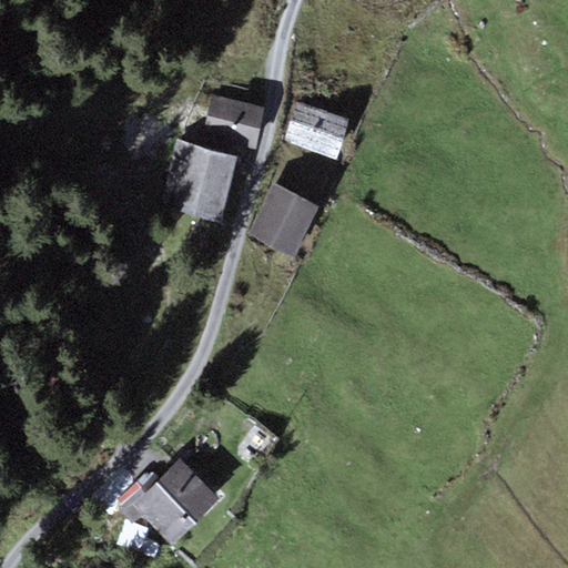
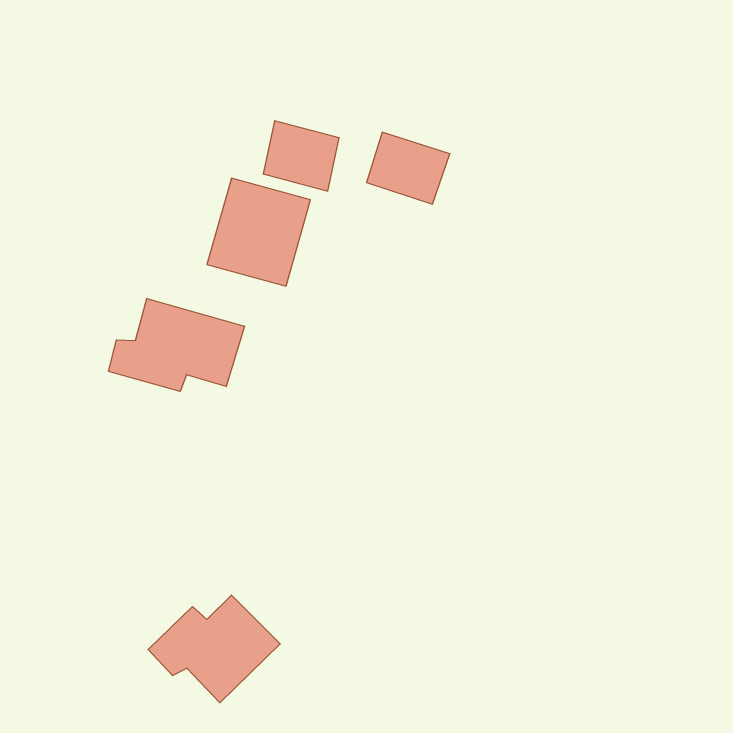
building: [247,183,320,257] -> none
building: none -> [108,298,245,391]

